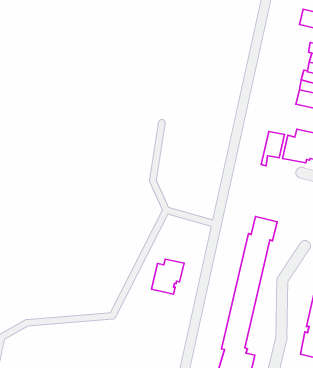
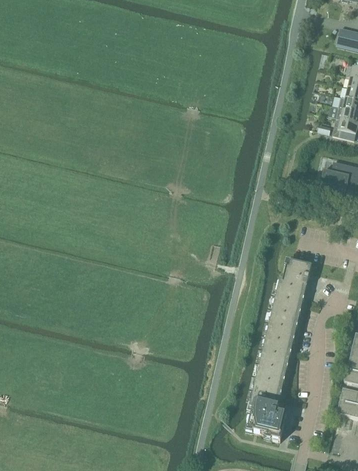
building: [261,131,284,166] -> none
building: [151,259,184,294] -> none

